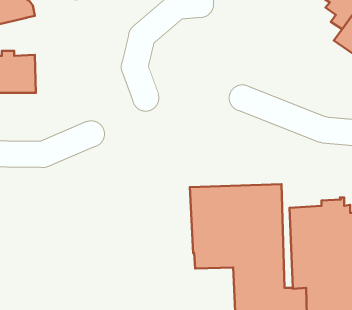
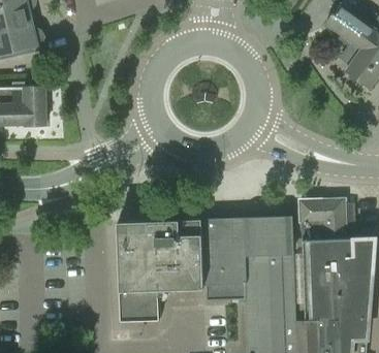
building: none -> [302,199,357,240]
building: none -> [118,220,206,321]

